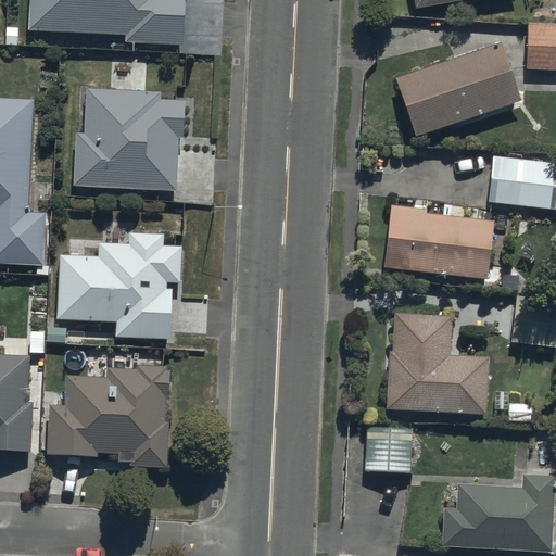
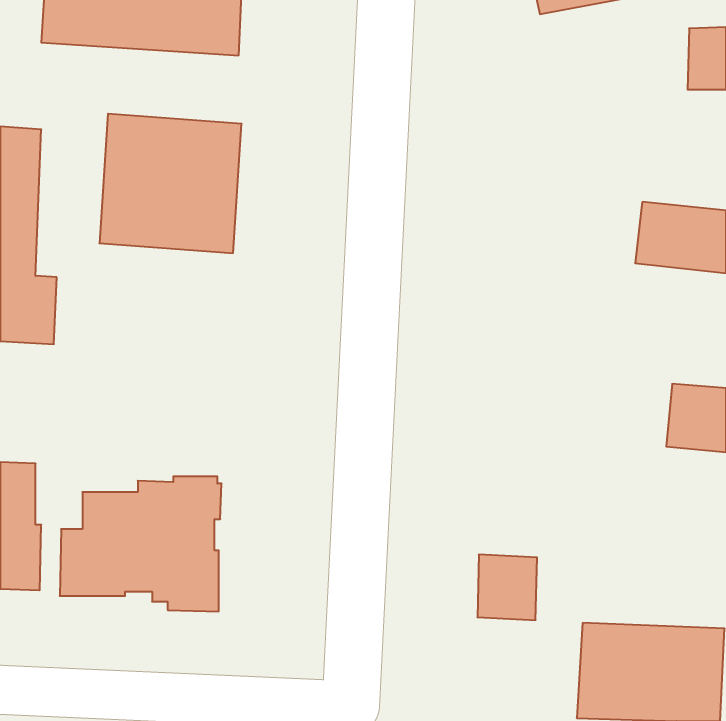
building: [399,41,527,138] -> none
building: [382,204,494,279] -> none
building: [60,239,179,338] -> none
building: [387,313,492,414] -> none

